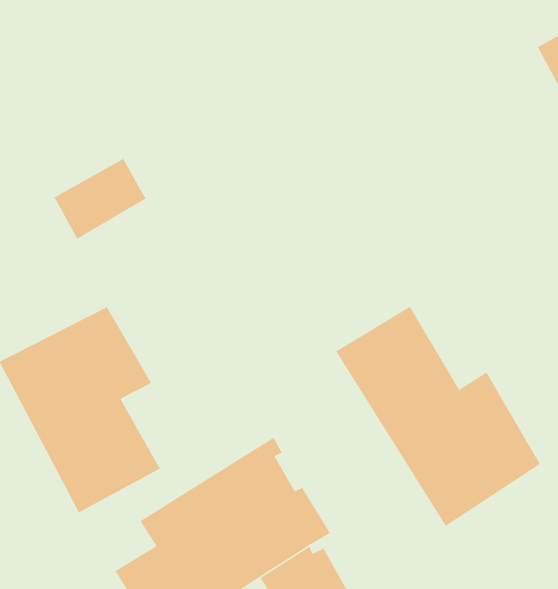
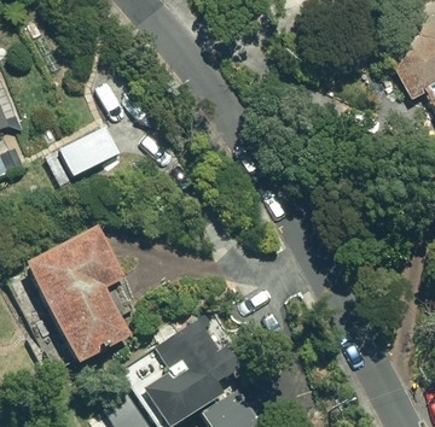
building: [335,306,541,527] -> none

